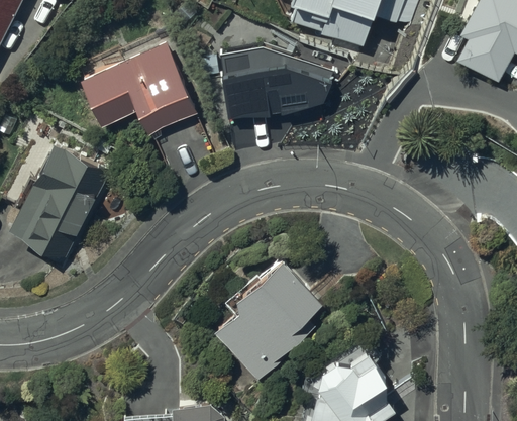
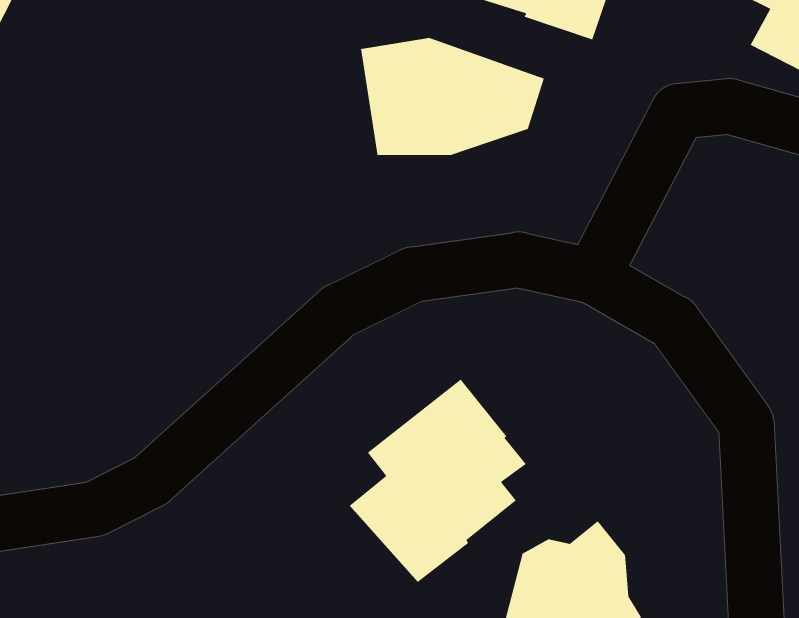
building: [82,44,197,134] -> none
building: [7,142,108,259] -> none

